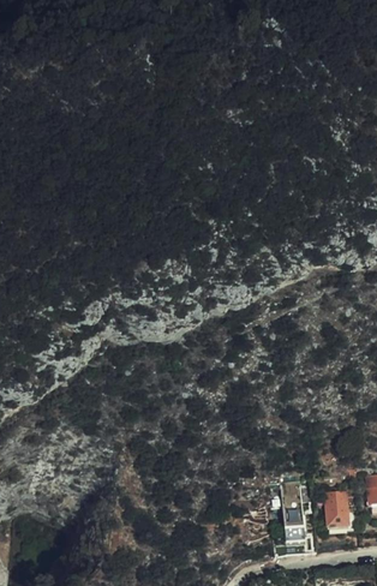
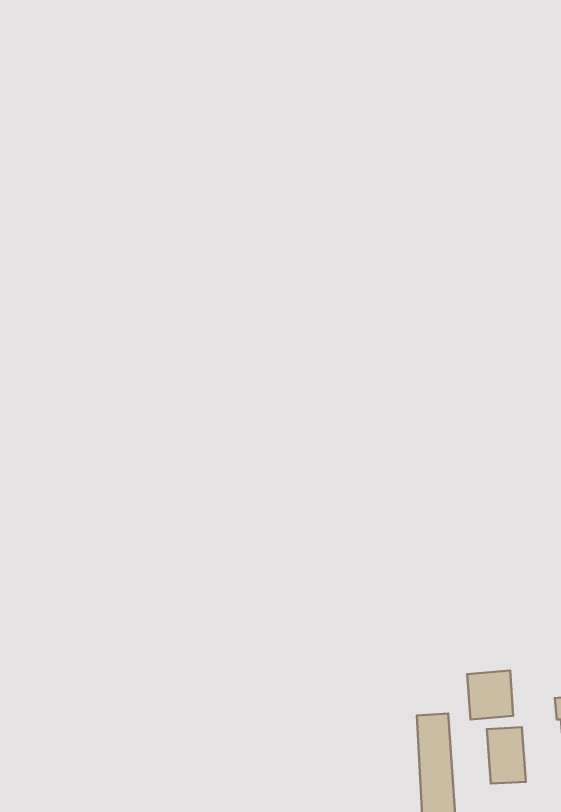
building: none -> [467,671,513,720]

